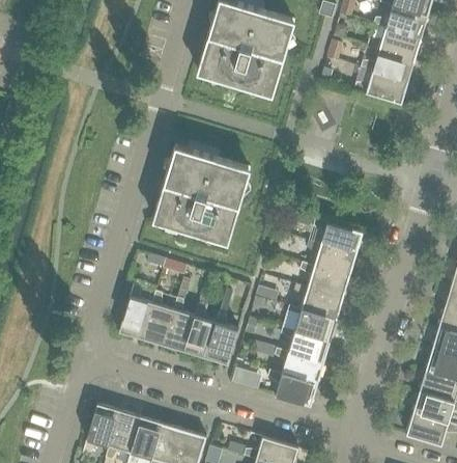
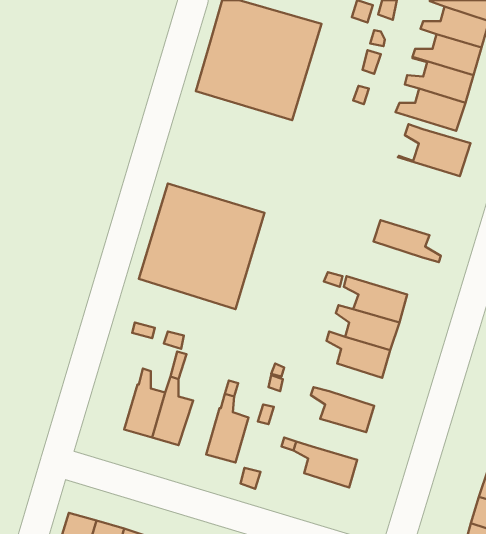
building: none -> [398,124,470,176]
building: none -> [373,220,441,262]
building: [293,284,343,321] -> none
building: [118,285,151,339] -> none
building: [183,305,216,359] -> none
building: [281,328,331,363] -> none
building: [267,371,317,407] -> none

